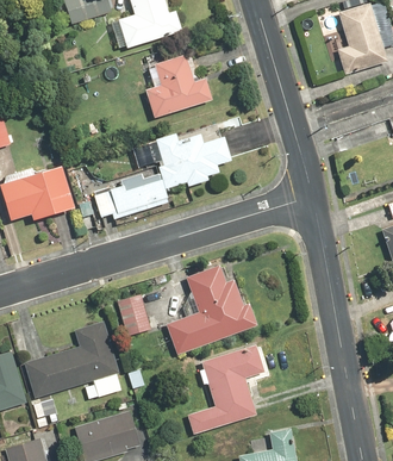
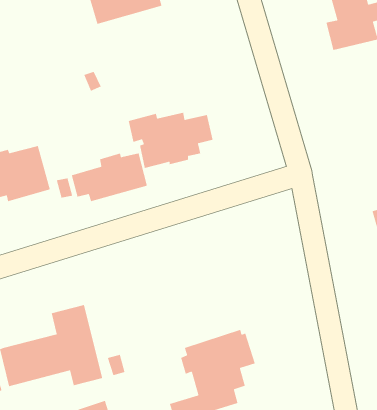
building: [144,52,211,118] -> none
building: [166,264,256,351] -> none
building: [117,293,151,337] -> none

